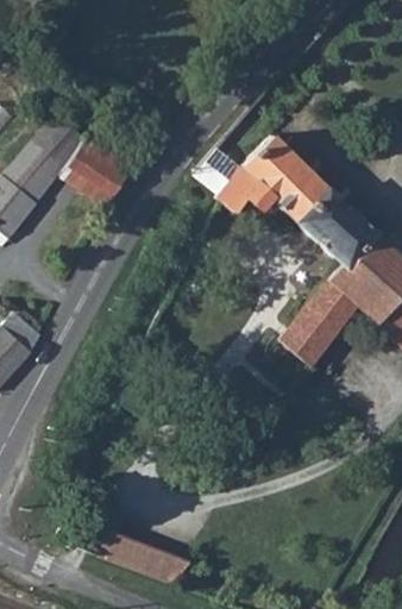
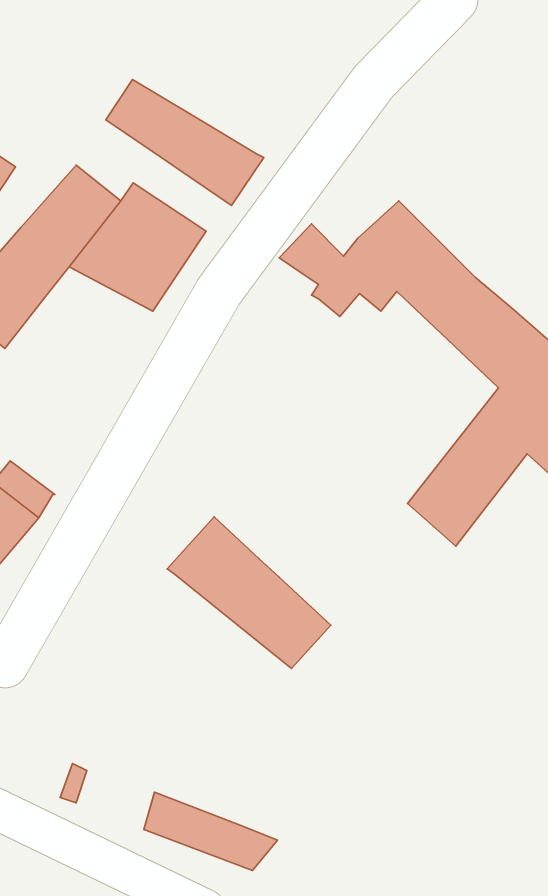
building: none -> [106,80,264,206]
building: none -> [167,517,331,668]

